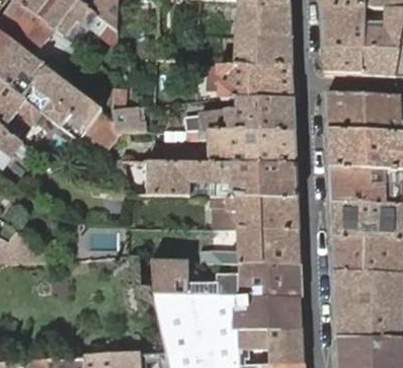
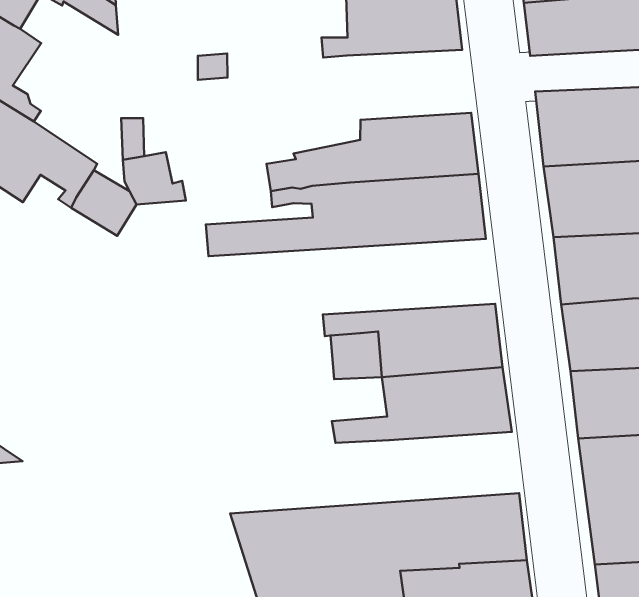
building: [209,66,293,100] -> none
building: [106,161,297,199] -> none
building: [149,262,301,296] -> none

